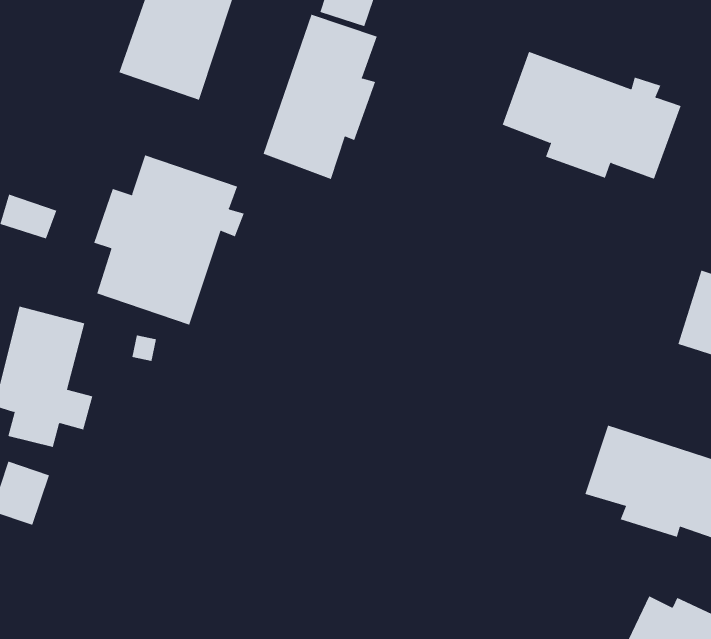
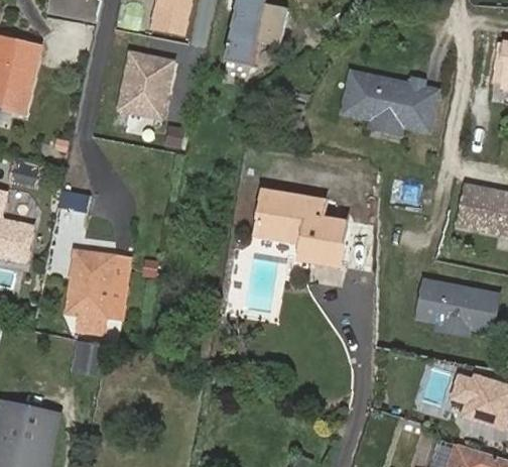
building: [263,14,378,180] -> none
building: [94,154,245,326] -> none
building: none -> [257,191,347,265]

